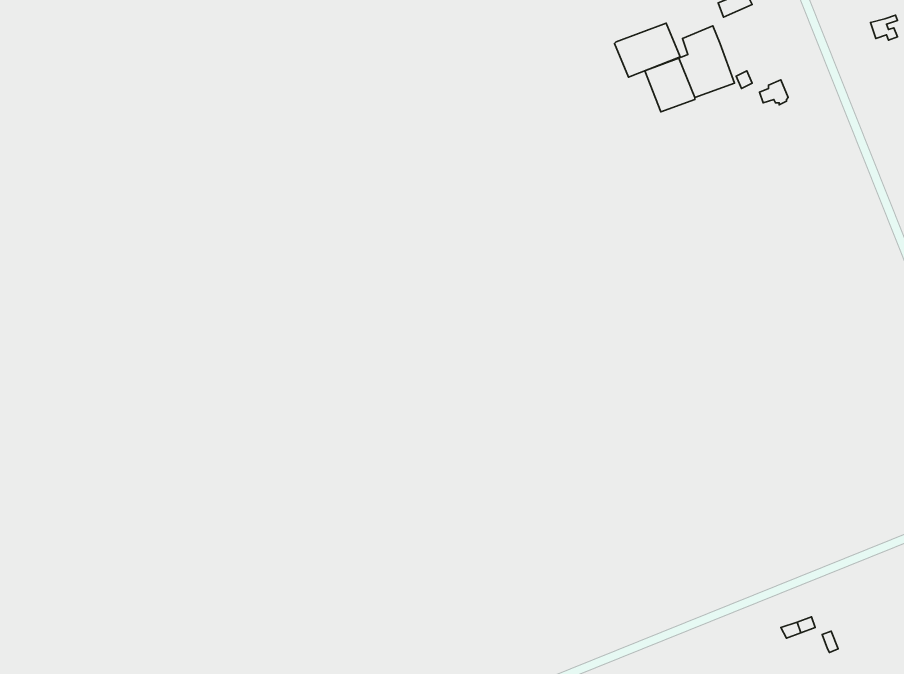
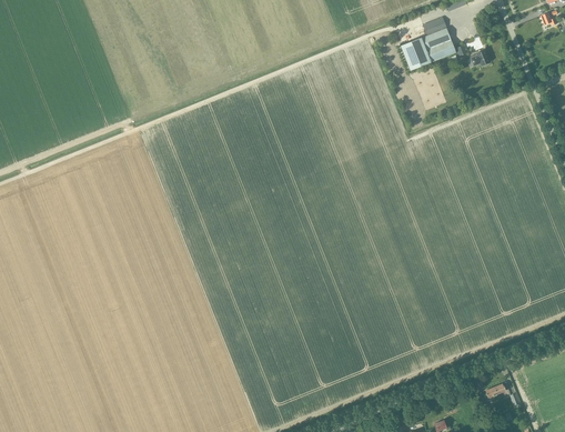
building: [614,23,680,77] -> none

